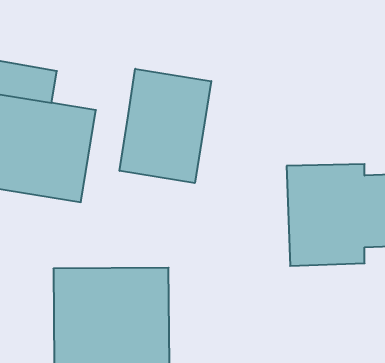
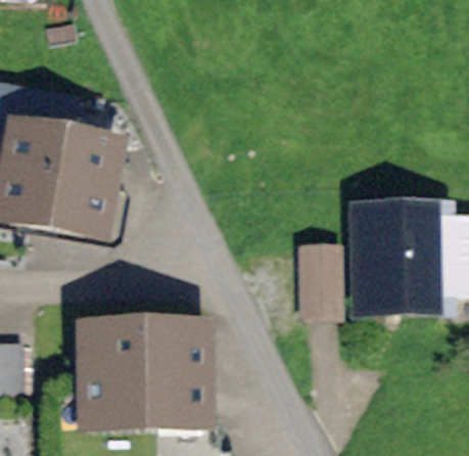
building: [120,69,211,183] -> none
building: none -> [296,240,342,312]

